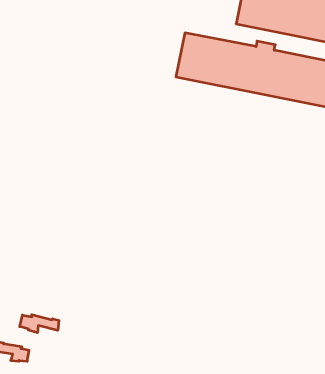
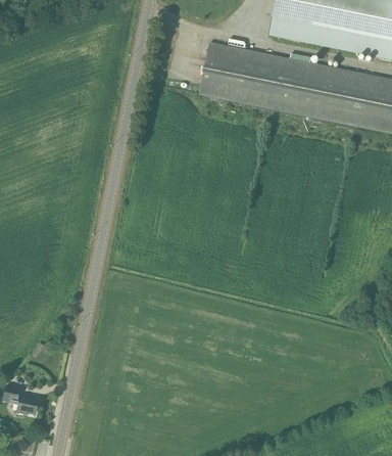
building: [20,315,59,333] -> none

